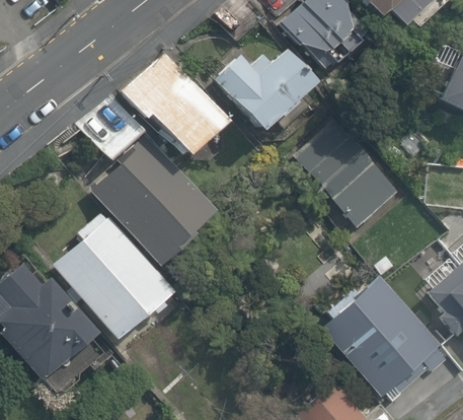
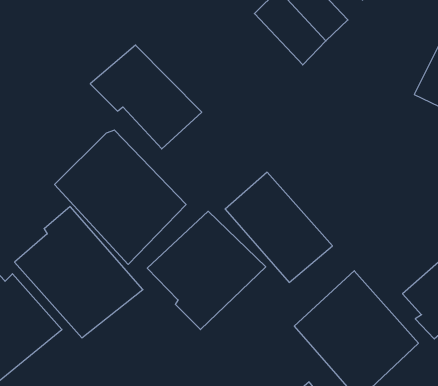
building: [215,48,322,133] -> none
building: [297,120,400,226] -> [225,172,332,282]
building: none -> [147,211,266,330]

